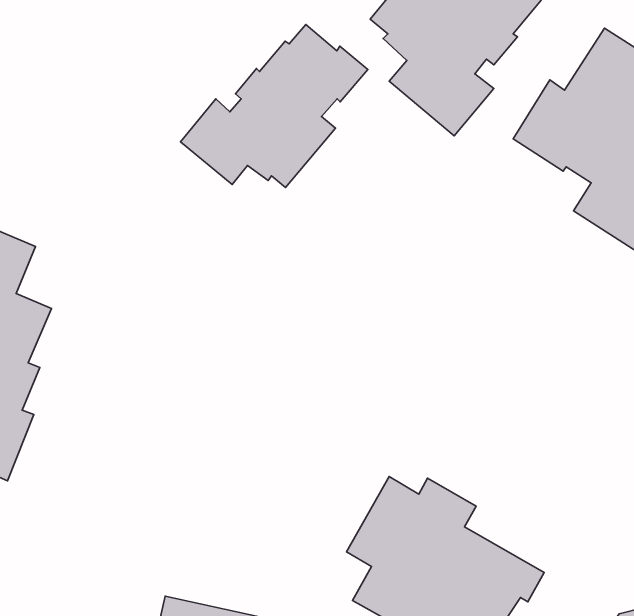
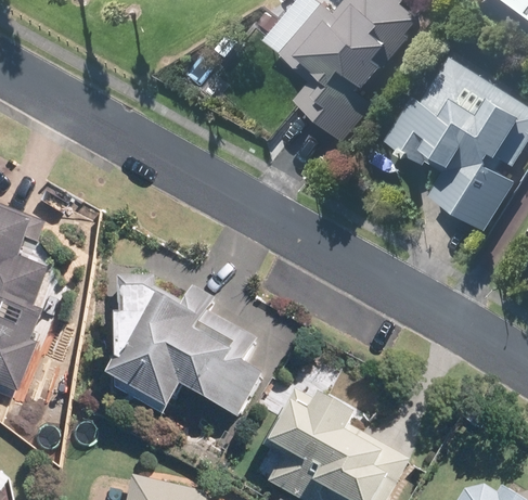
building: [180,24,368,188] -> none
building: none -> [107,278,255,416]

